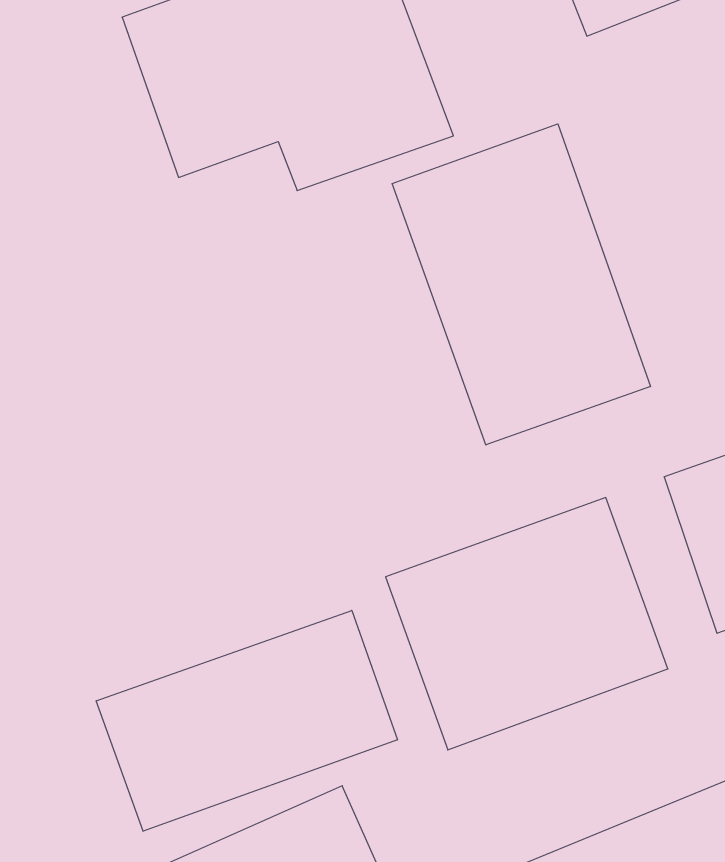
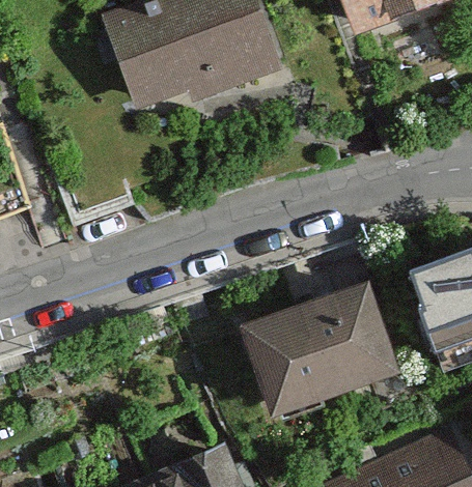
building: [392,124,650,445] -> none
building: [96,610,397,831] -> none

